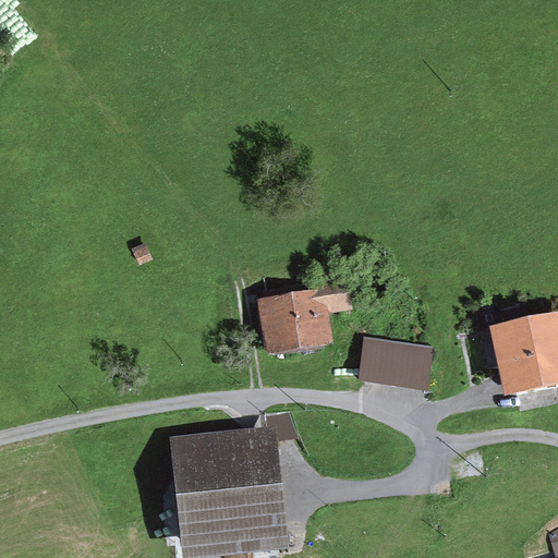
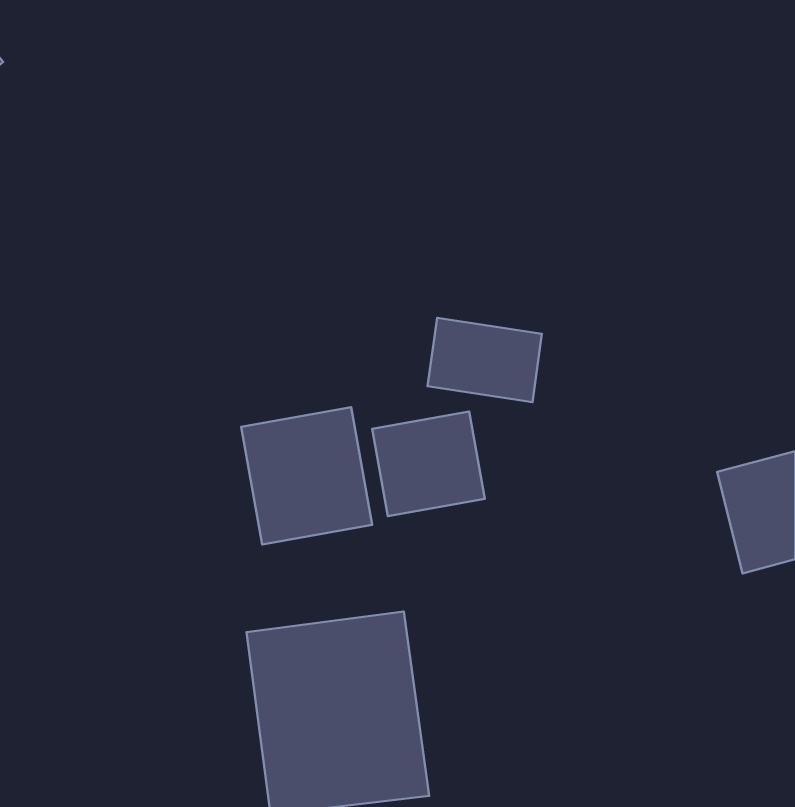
building: none -> [241,407,372,544]
building: [352,330,430,388] -> [428,318,542,402]

